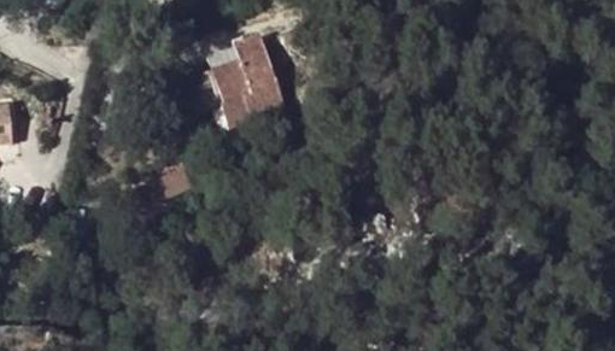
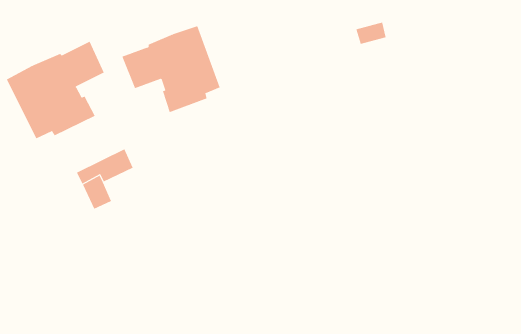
building: none -> [6,41,104,139]

